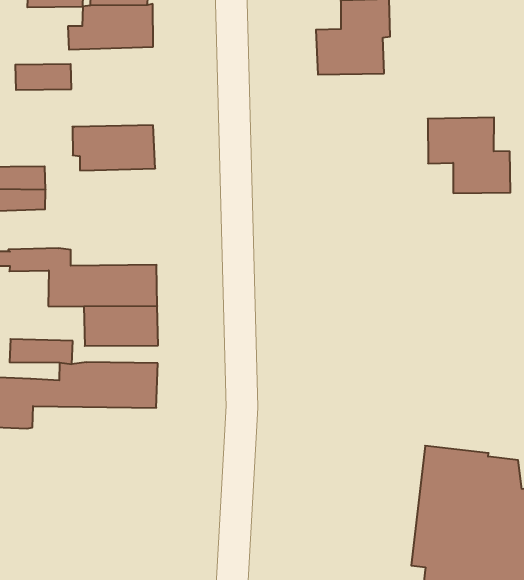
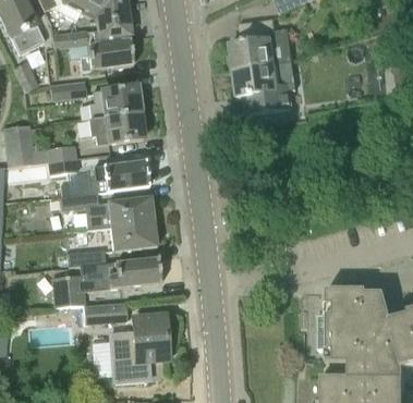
building: none -> [89,85,139,118]
building: [428,117,510,193] -> [236,63,292,112]
building: none -> [89,159,149,193]
building: none -> [84,302,129,323]
building: none -> [111,316,168,381]

